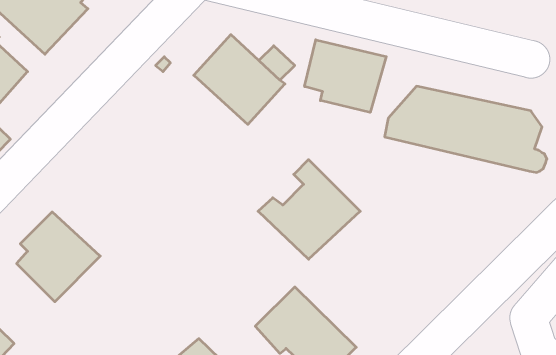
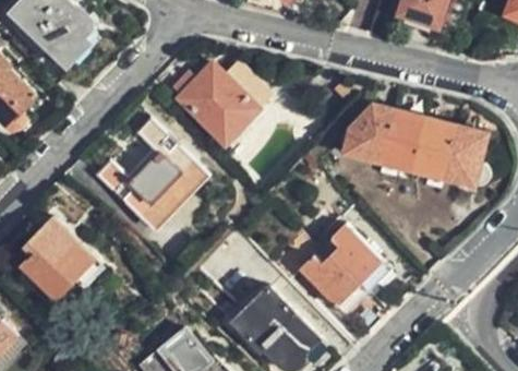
building: [305,40,386,112] -> none
building: none -> [97,119,202,224]
building: [258,160,360,259] -> [300,225,390,313]

